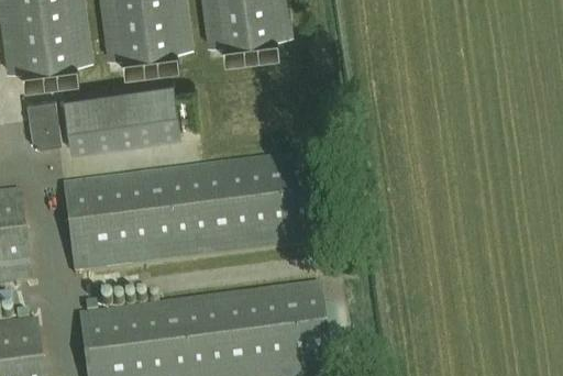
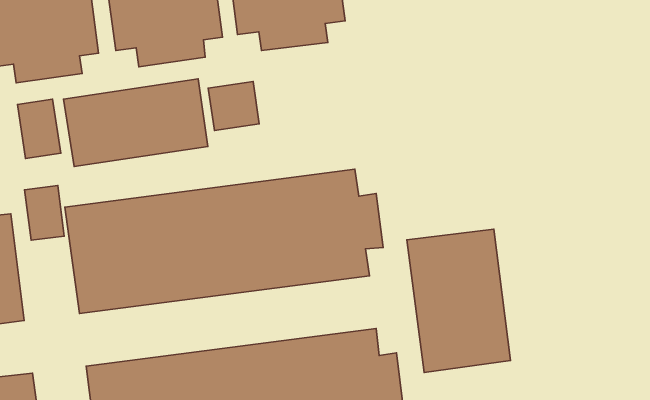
building: none -> [208,81,259,131]
building: none -> [24,186,64,240]
building: none -> [407,229,511,373]

